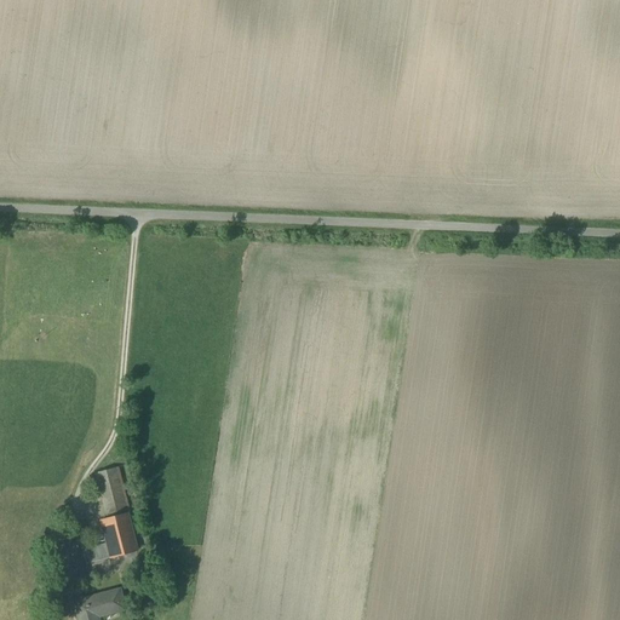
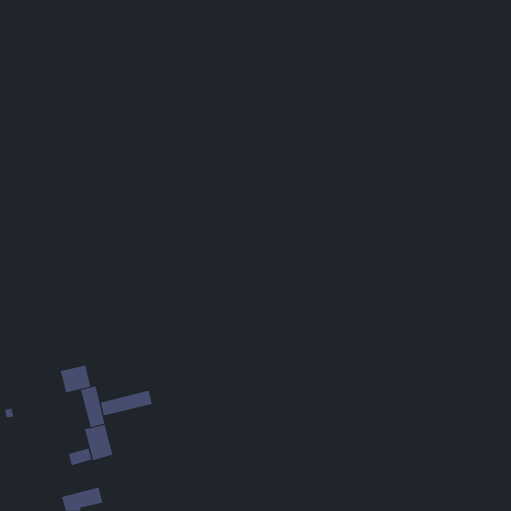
building: none -> [60,364,91,393]
building: none -> [100,390,152,416]

